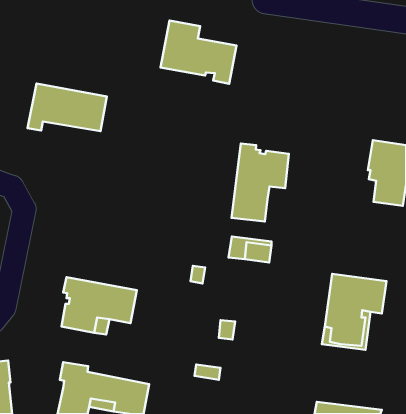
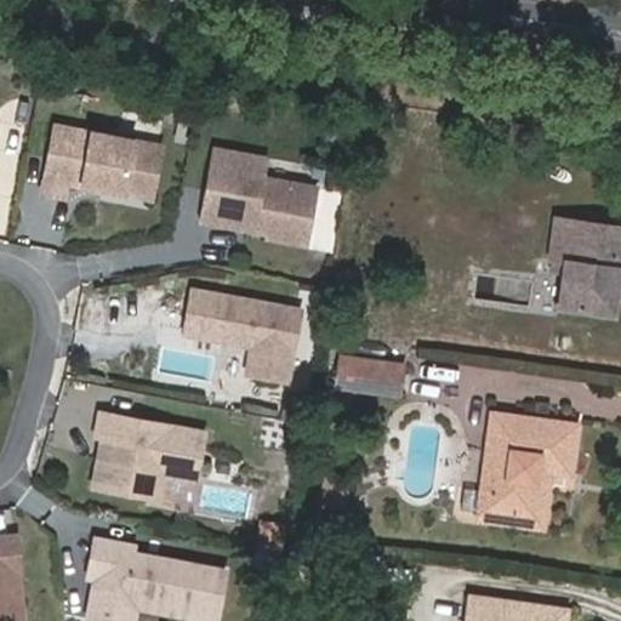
building: [160,21,237,84] -> [203,149,317,244]
building: [232,144,289,221] -> none
building: none -> [187,291,298,381]

